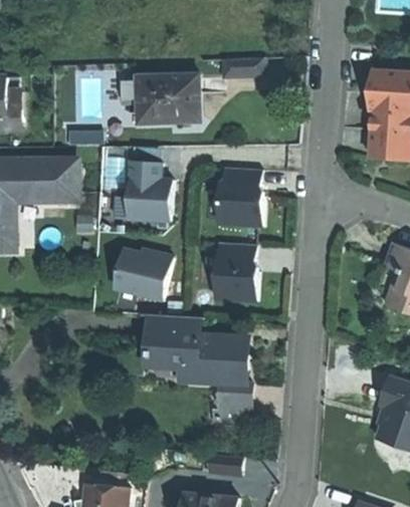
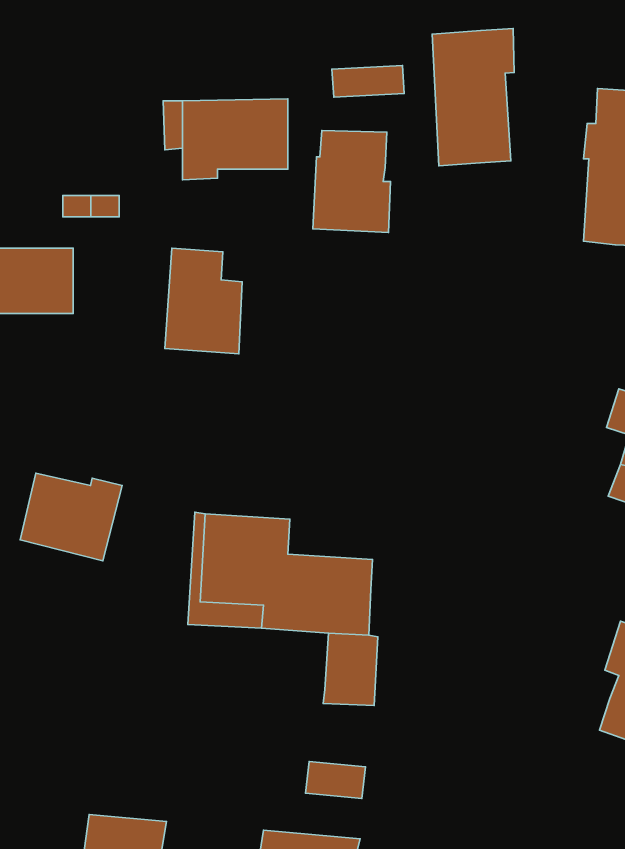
building: none -> [432,28,514,166]
building: [219,168,263,226] -> [313,130,390,232]
building: [216,242,258,301] -> none
building: [115,250,173,300] -> [20,473,122,561]

